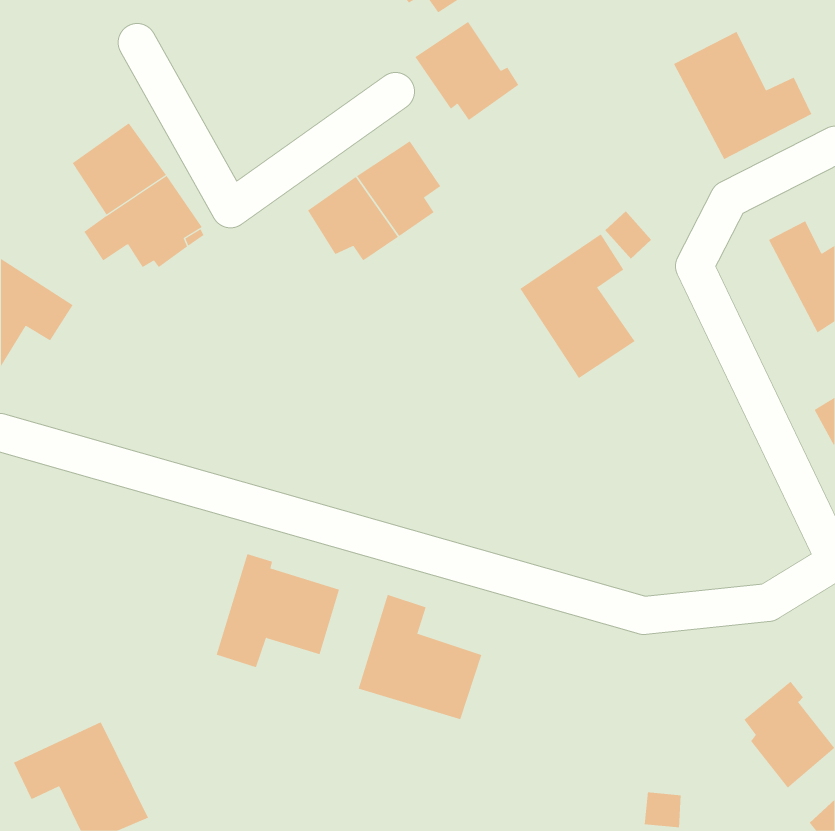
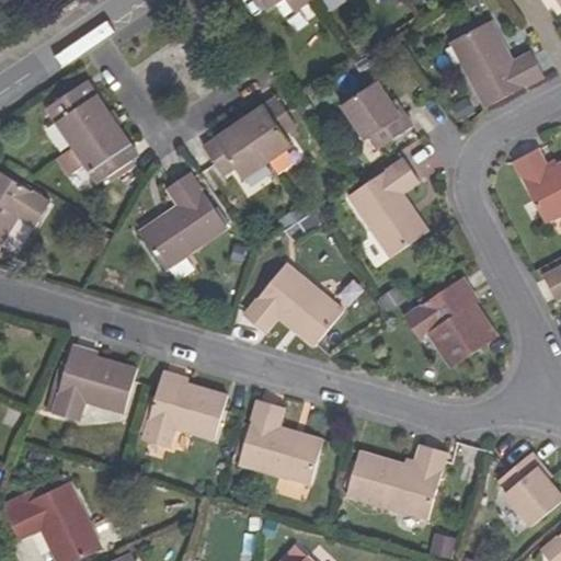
building: [415,21,519,121] -> [340,81,410,148]
building: none -> [140,171,225,267]
building: none -> [243,264,341,346]
building: none -> [404,279,496,364]
building: none -> [53,345,139,422]
building: none -> [347,445,445,519]

